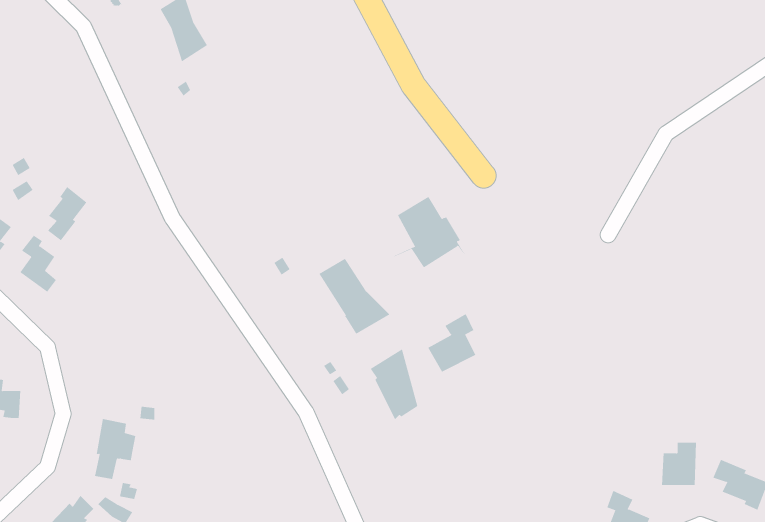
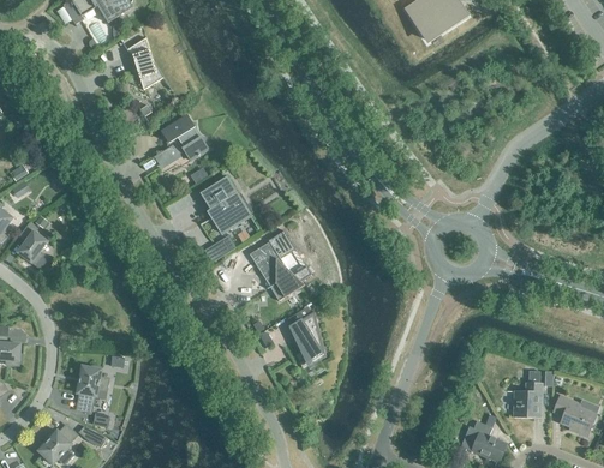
building: none -> [151,113,208,164]
building: [47,186,87,241] -> none
building: [394,187,470,268] -> [199,169,258,232]
building: [428,313,476,372] -> none

